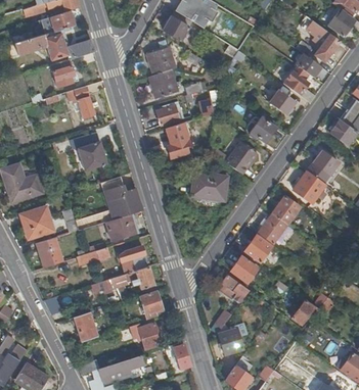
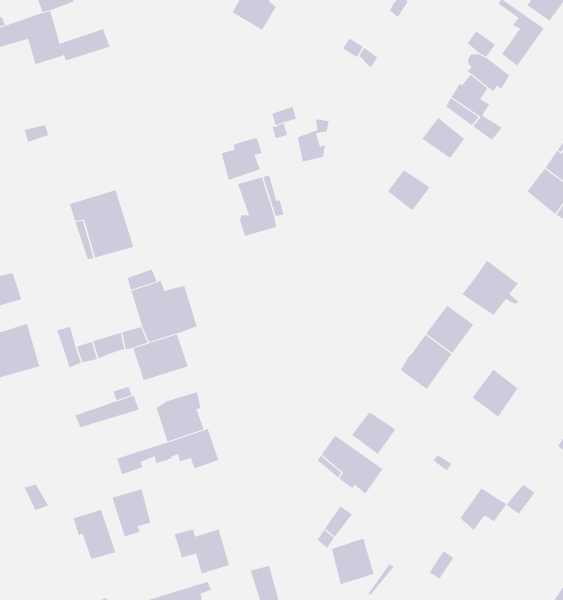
building: [146,47,178,97] -> none
building: [50,58,77,87] -> none
building: [66,85,95,118] -> none
building: [225,141,257,174] -> none
building: [307,150,339,183] -> none
building: [190,172,227,200] -> none
building: [244,234,271,261] -> [471,369,518,418]
building: [38,236,63,266] -> none
building: [140,290,163,318] -> [111,488,151,537]

